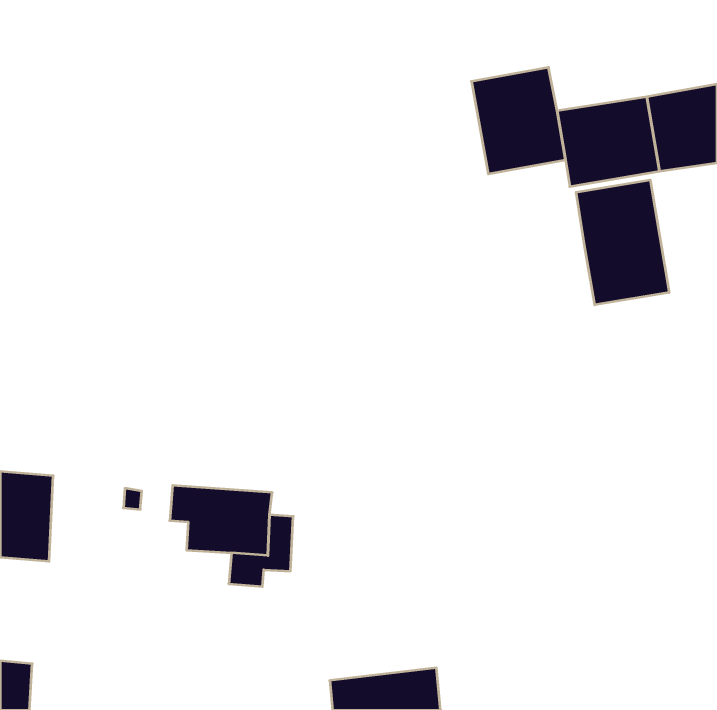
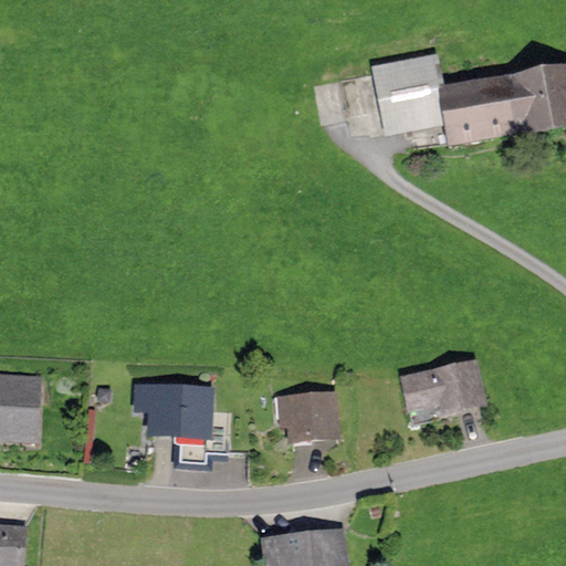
building: [576,180,669,305] -> none
building: none -> [401,355,491,415]
building: none -> [282,392,338,440]

